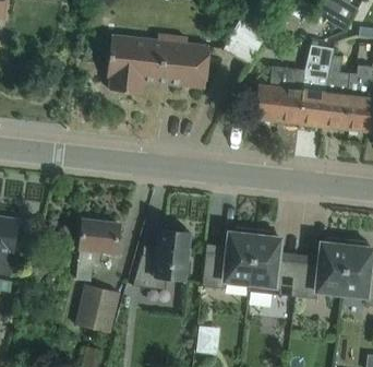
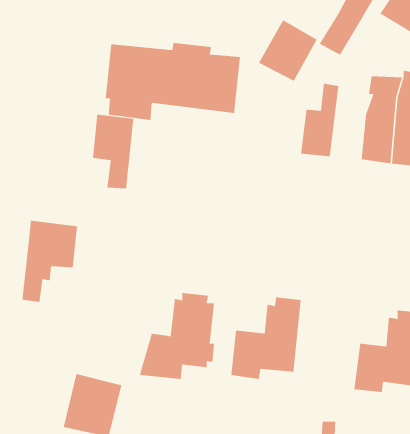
building: [277,68,309,123] -> none
building: none -> [93,114,134,189]
building: [76,220,119,282] -> [21,220,78,303]
building: [249,229,299,297] -> none

